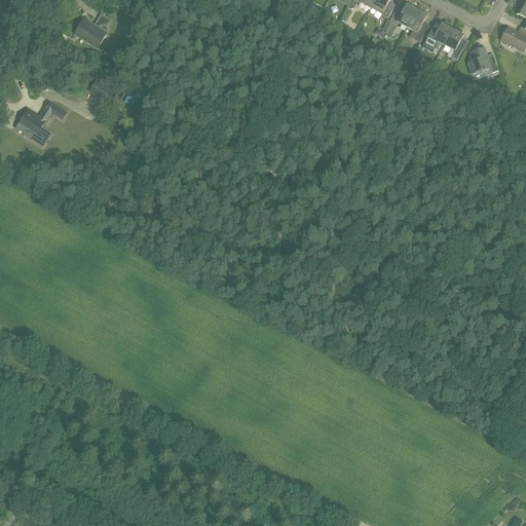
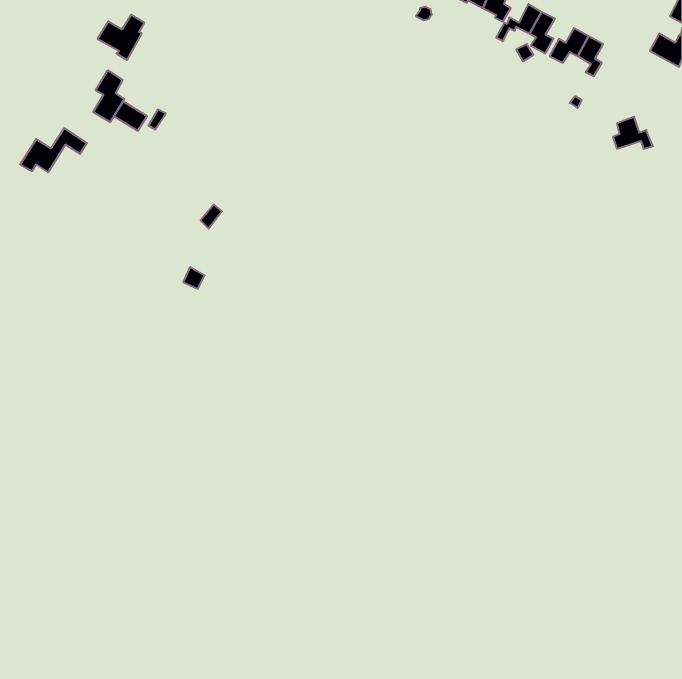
building: [467,46,498,71] -> [613,117,653,149]
building: none -> [93,70,124,122]

